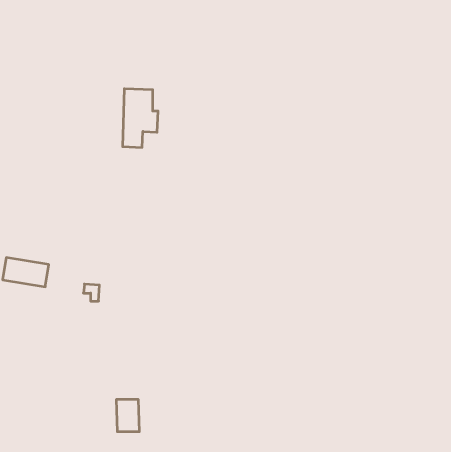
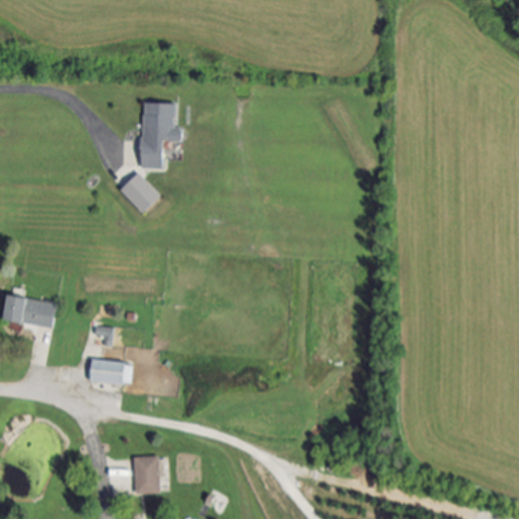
building: none -> [122,170,163,212]
building: none -> [89,360,131,385]

